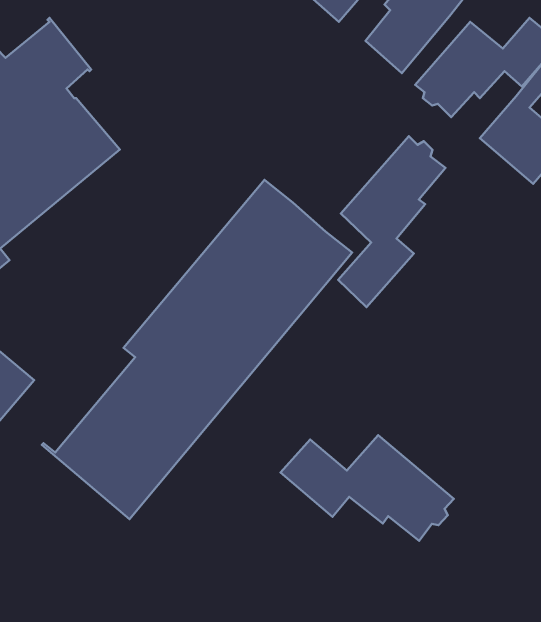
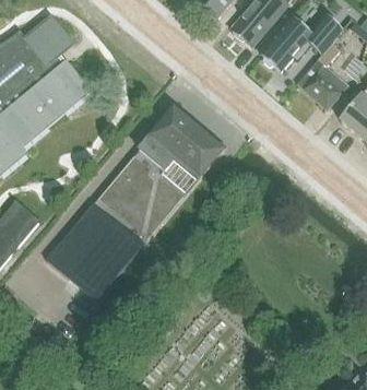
building: [338,136,446,307] -> none
building: [280,435,454,541] -> none

